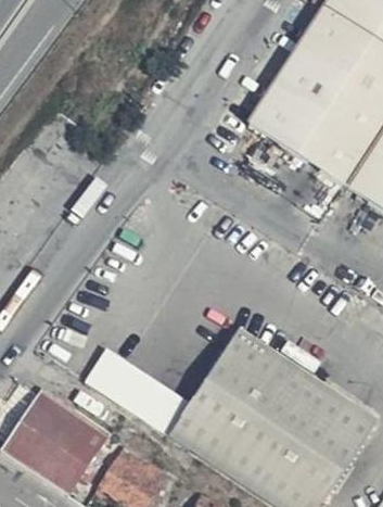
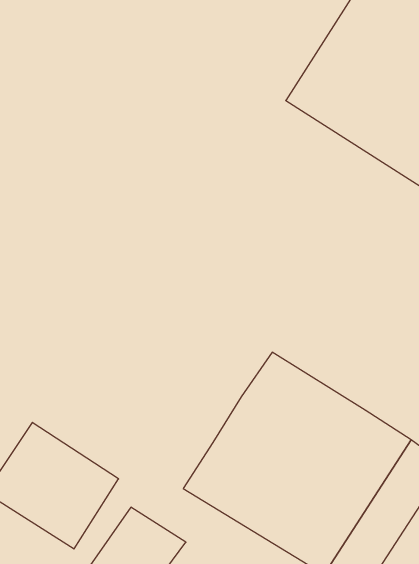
building: [84,348,189,438] -> none

